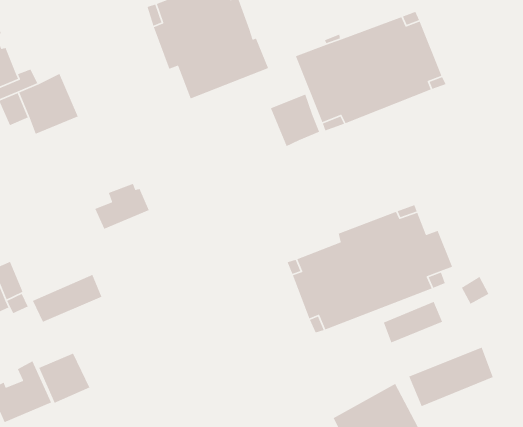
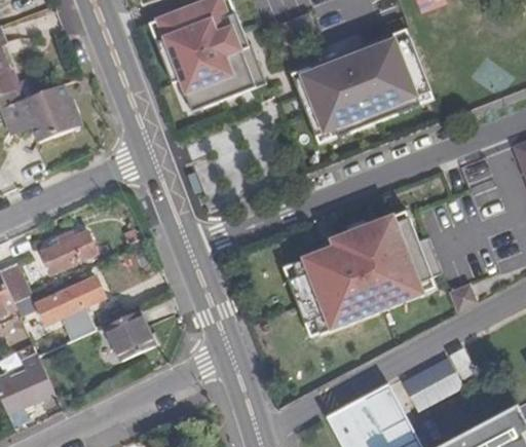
building: [270,94,320,147] -> none
building: [94,183,150,230] -> [44,229,98,274]
building: [383,301,443,343] -> none
building: [38,353,91,404] -> [104,313,154,363]

